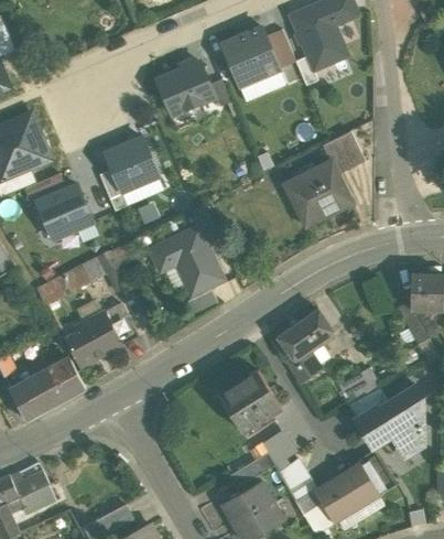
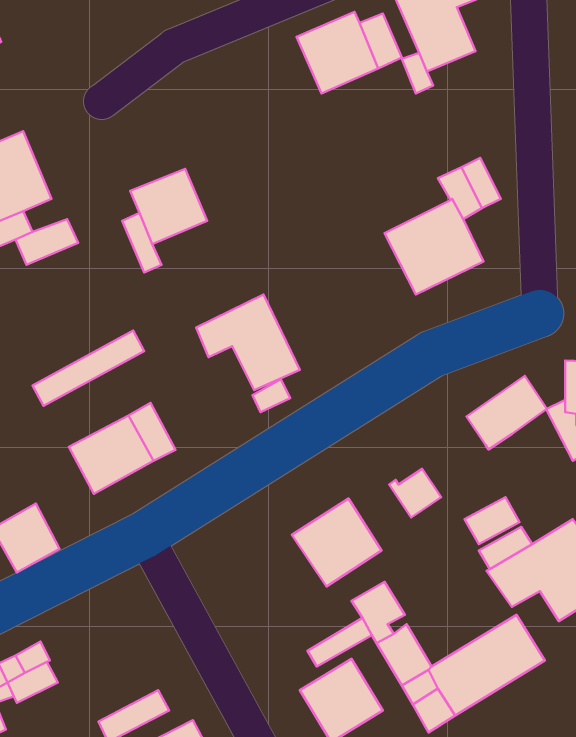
building: [156,62,215,115] -> none
building: [37,186,94,238] -> none
building: [278,309,334,360] -> [467,376,547,450]
building: [39,357,84,406] -> none

